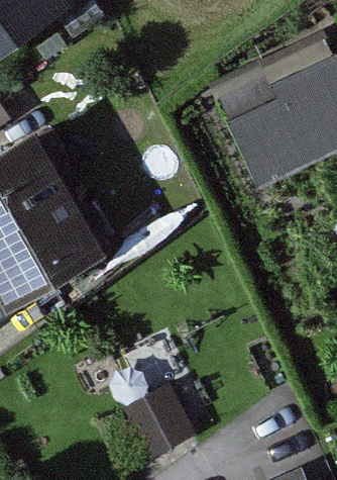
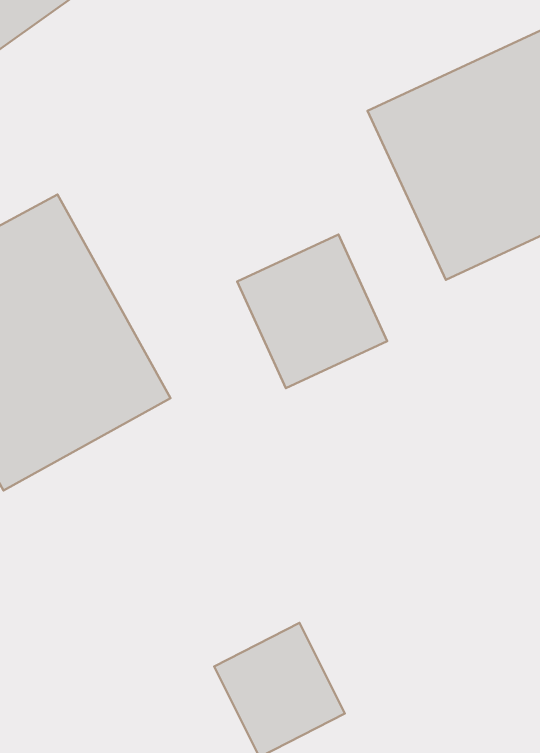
building: none -> [237,234,387,388]

